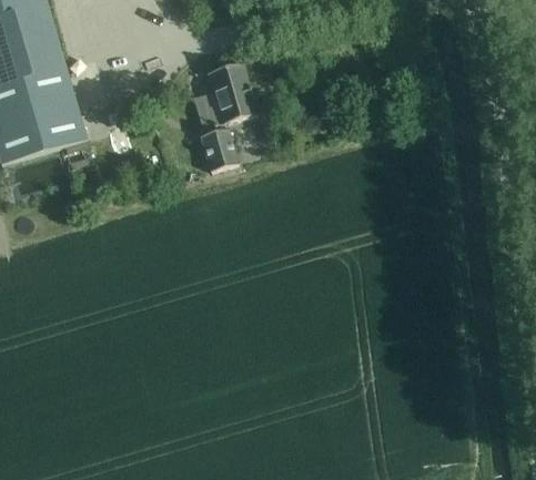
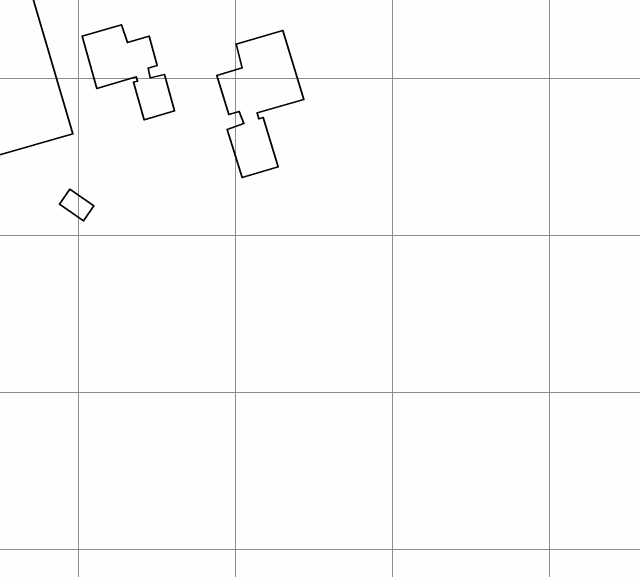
building: none -> [82,25,174,120]

